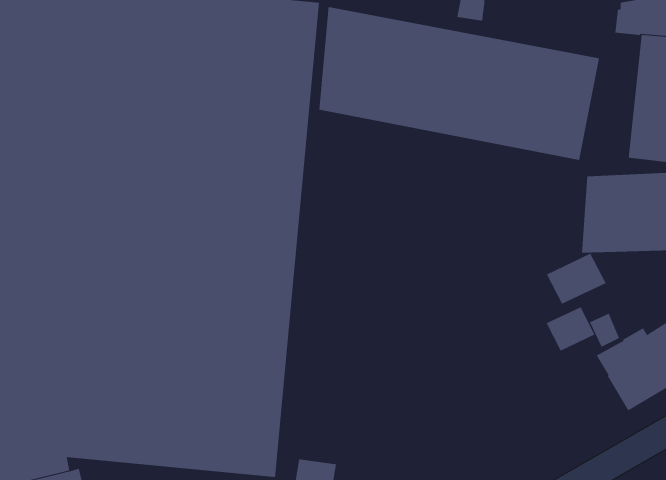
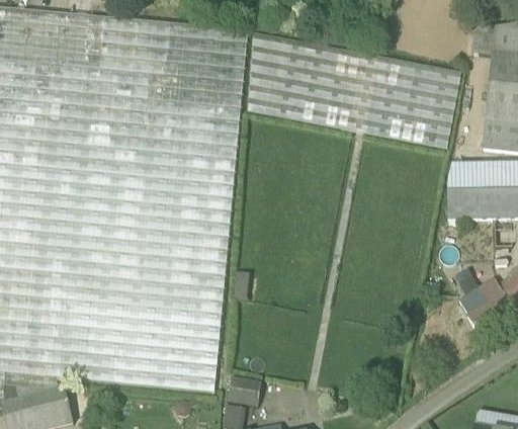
building: [546,253,606,305] -> none
building: [546,306,595,351] -> none

